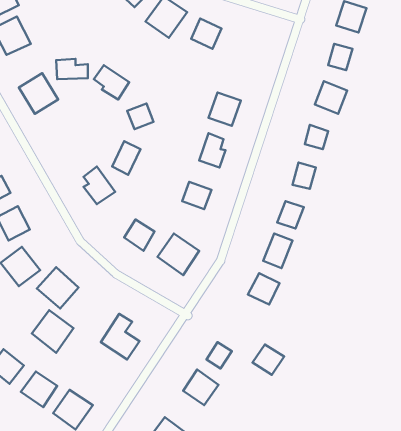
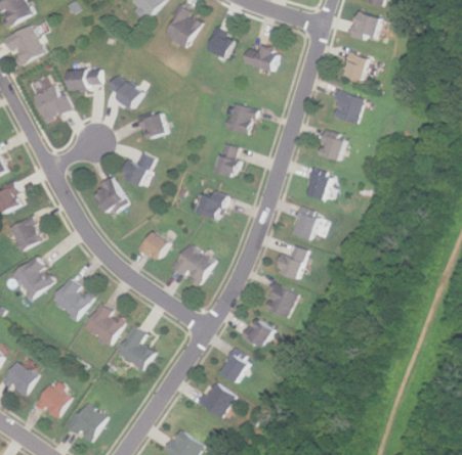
building: none -> [243,45,279,71]
building: [32,310,73,353] -> [82,303,124,346]
building: [253,344,284,375] -> [241,318,272,349]

